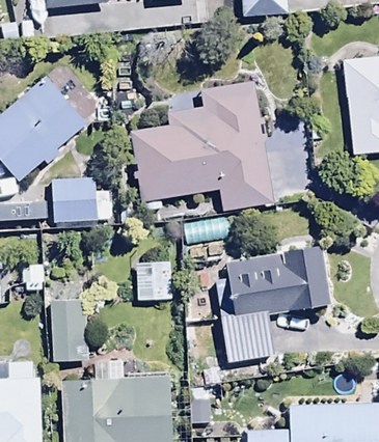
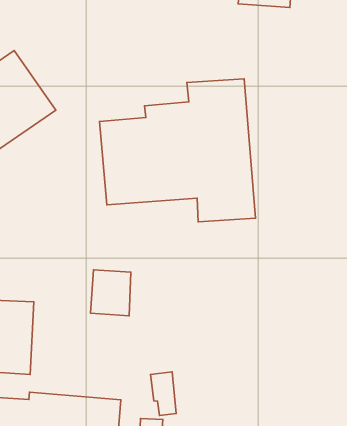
building: [52,177,110,222] -> none
building: [214,245,333,363] -> none

